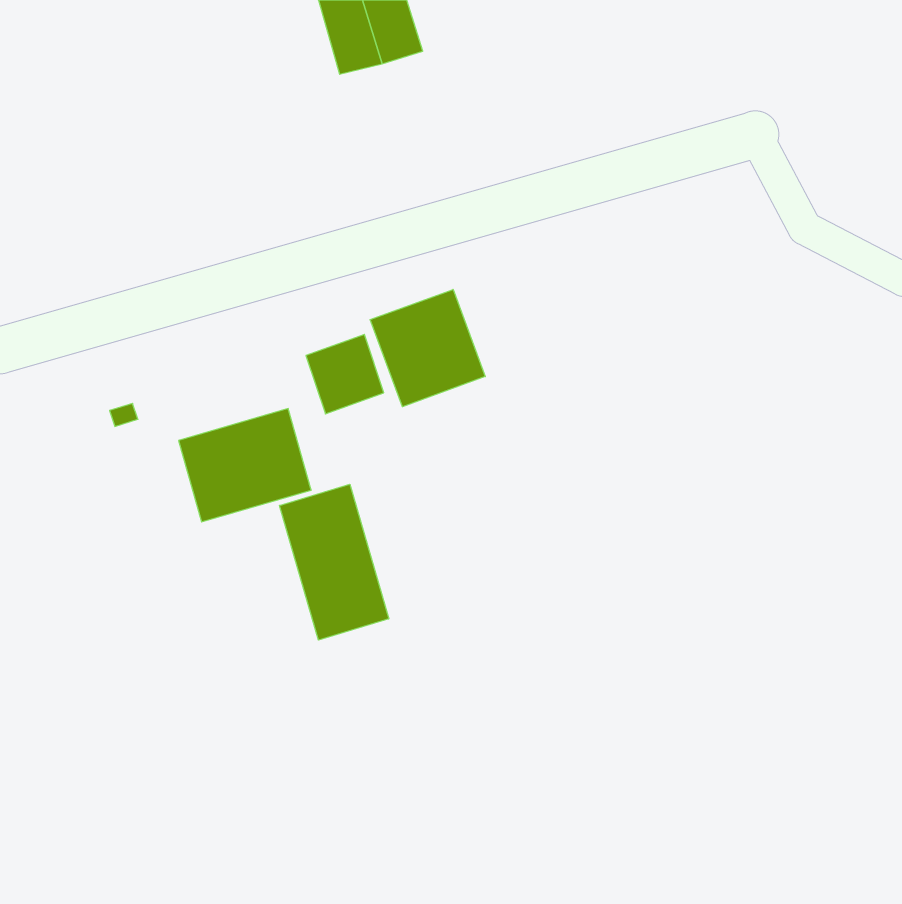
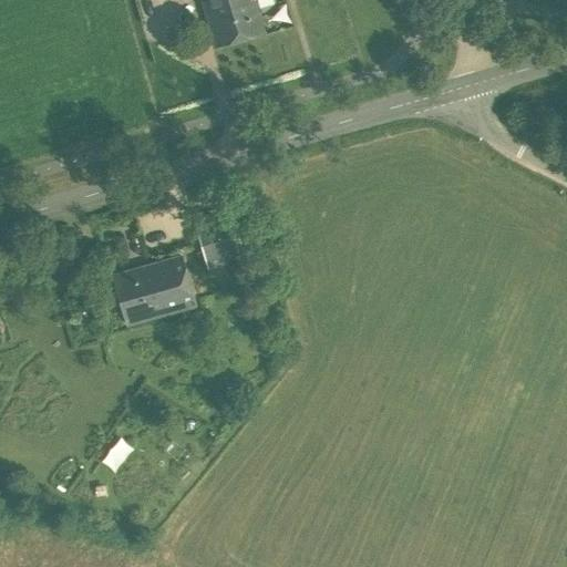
building: [370,289,485,407] -> none
building: [280,484,389,640] -> none

